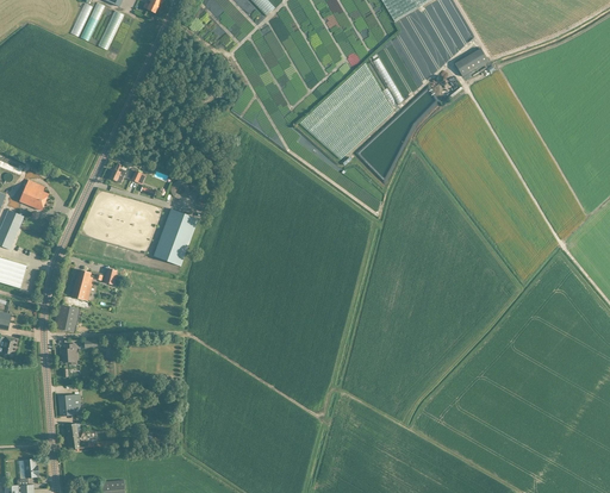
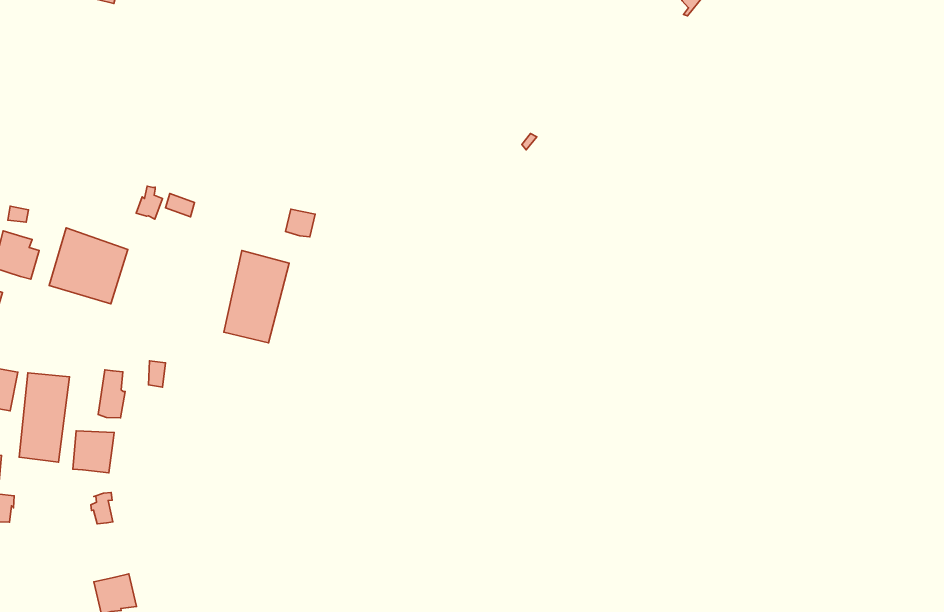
building: none -> [49,228,128,304]
building: none -> [19,373,70,462]

